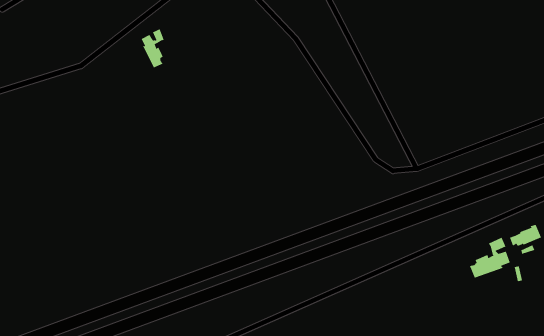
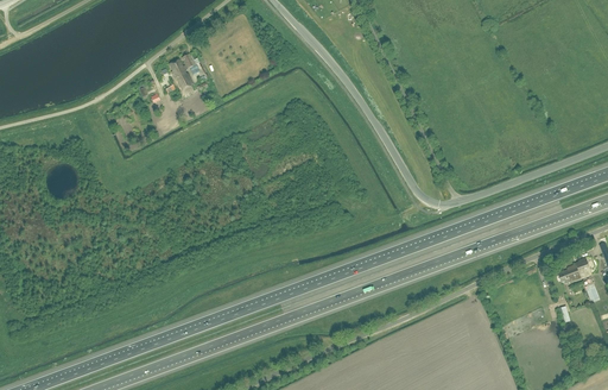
building: [469,237,511,279] -> none

